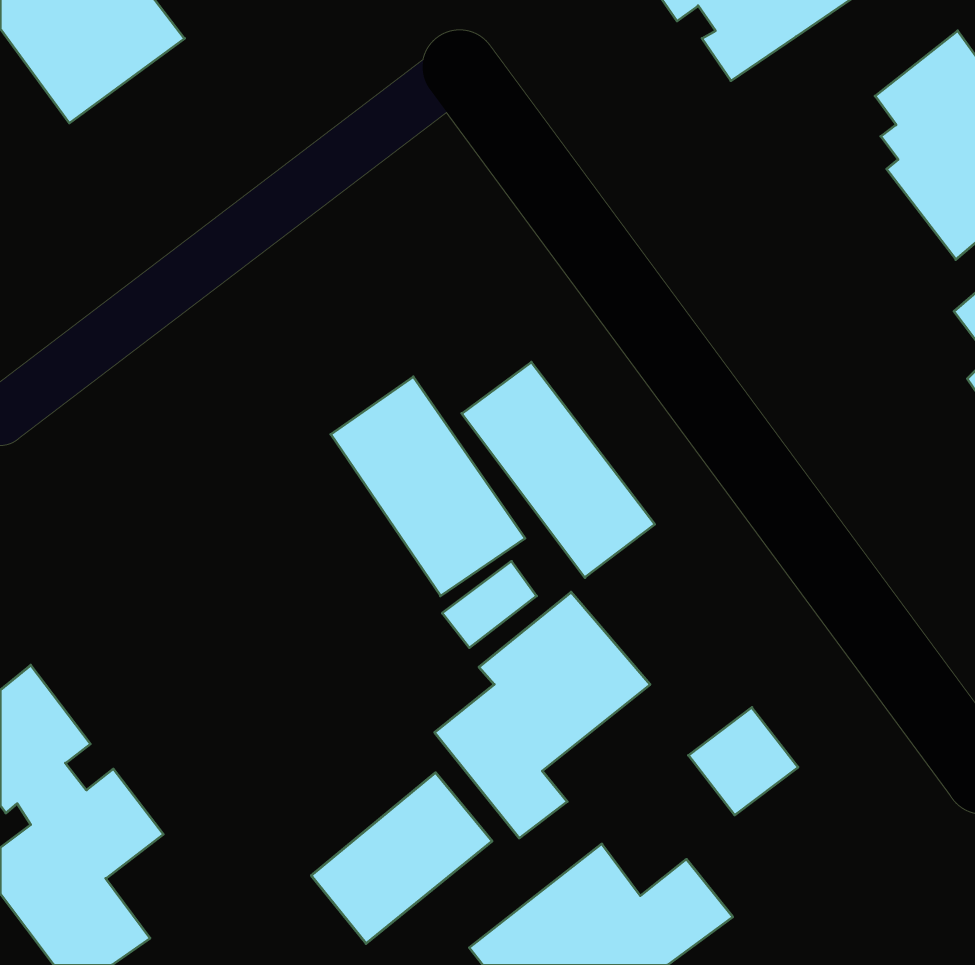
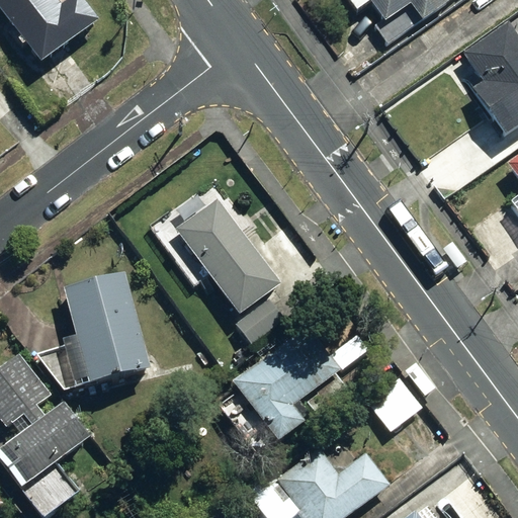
building: [462,362,655,578] -> none
building: none -> [37,271,150,393]
building: [311,773,492,944] -> none

